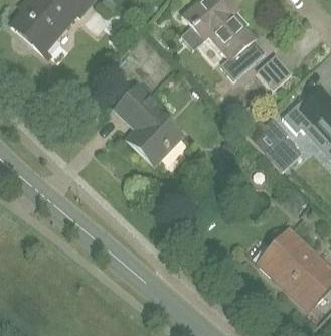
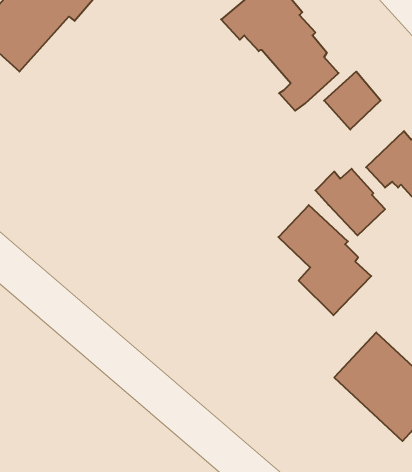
building: [115,87,179,163] -> [278,205,371,315]

